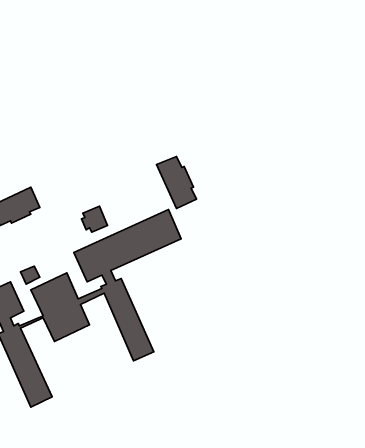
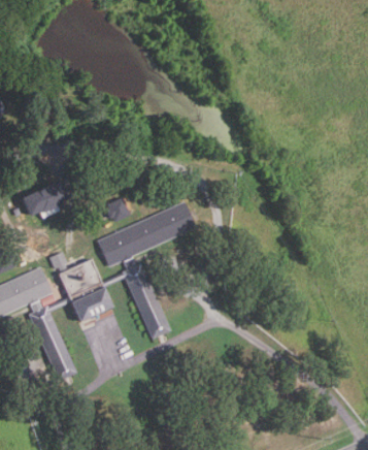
building: [157,157,196,209] -> none

